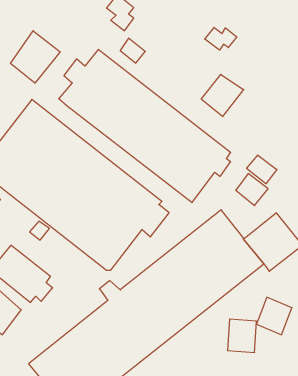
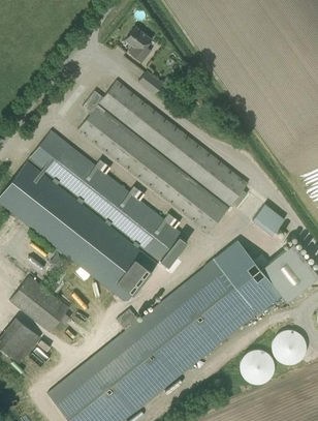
building: [205,27,237,50] -> none
building: [10,31,60,83] -> none
building: [201,74,244,117] -> none
building: [247,155,277,184] -> none

